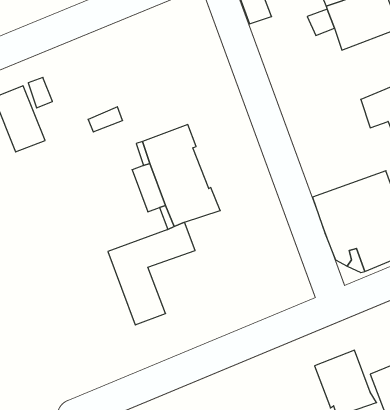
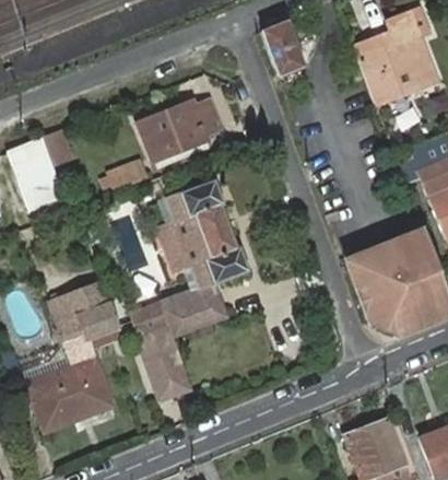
building: none -> [140,101,226,161]
building: none -> [52,288,114,349]
building: none -> [33,362,116,429]

